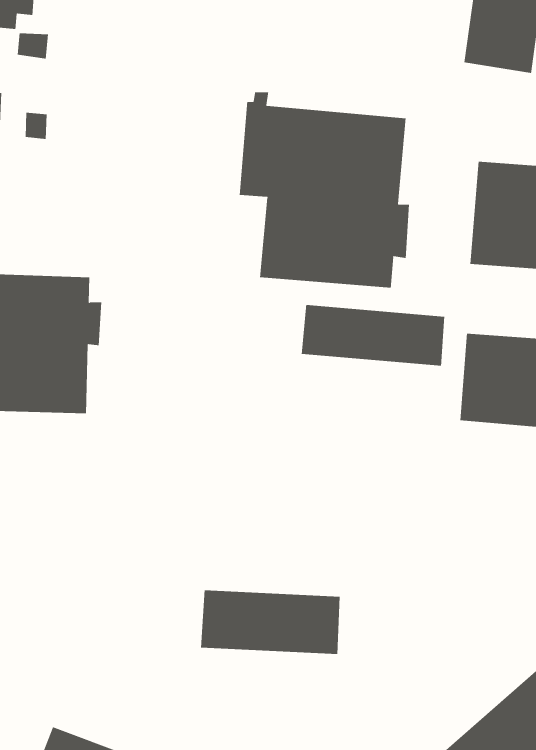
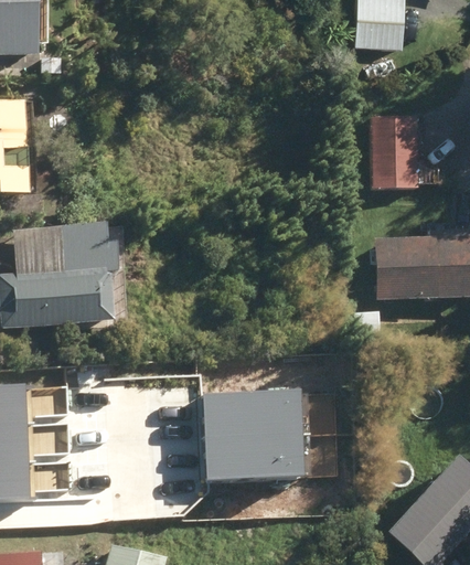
building: [239,91,409,288] -> none
building: [301,304,445,366] -> none
building: none -> [204,388,302,436]

